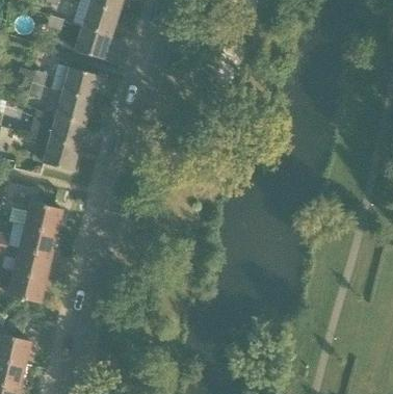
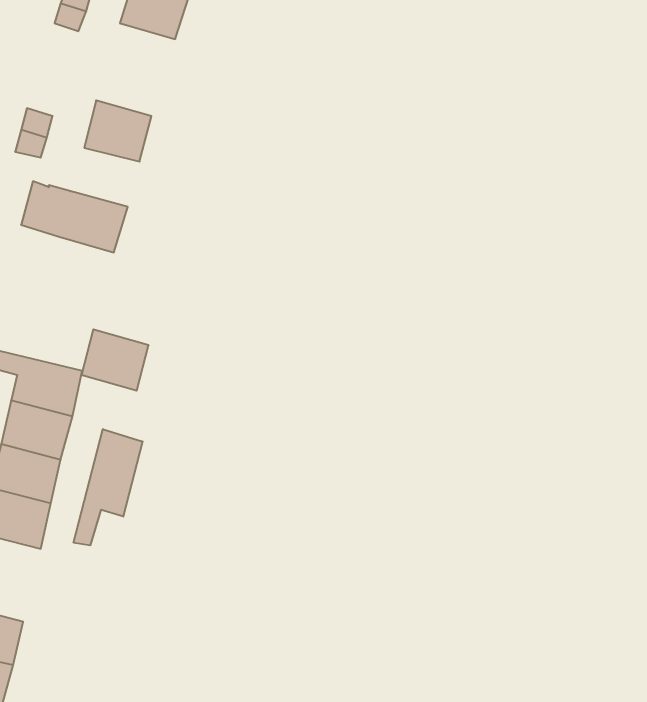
building: [74,26,110,59] -> none
building: [55,91,91,123] -> none
building: [43,138,78,170] -> [81,329,149,391]
building: none -> [74,429,143,545]

